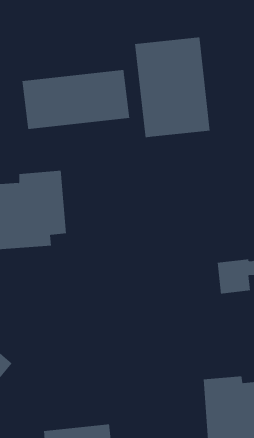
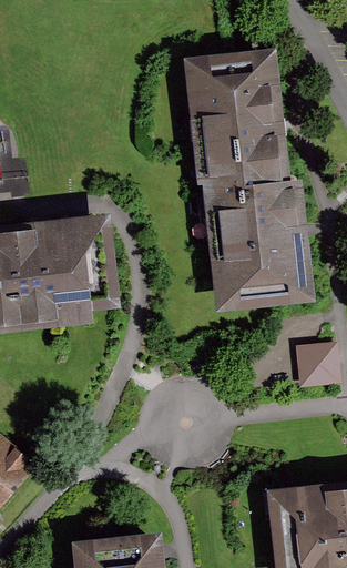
building: [22,69,130,130] -> none
building: none -> [211,172,308,301]

